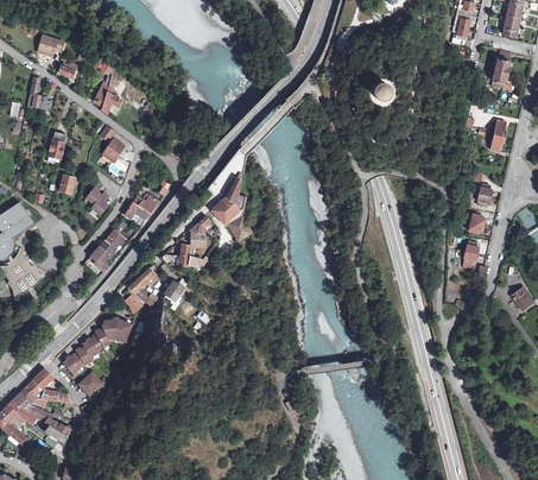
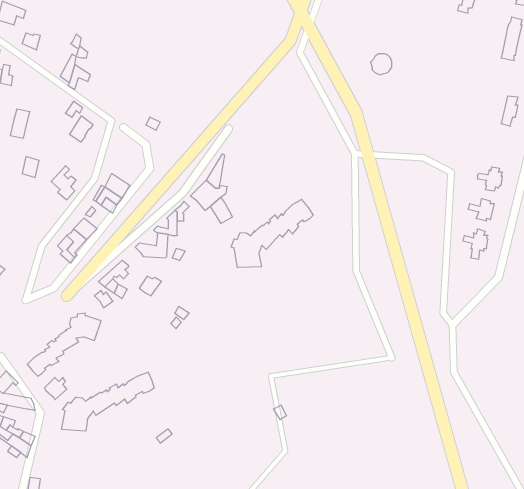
building: none -> [231,199,313,268]
building: none -> [62,372,154,431]

